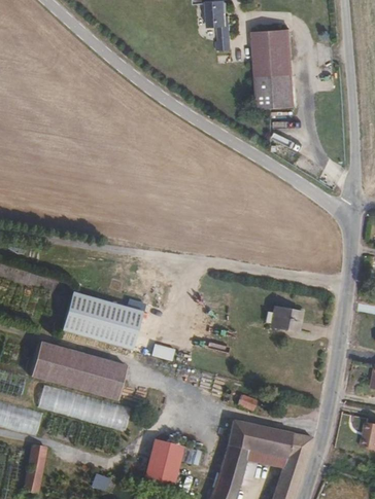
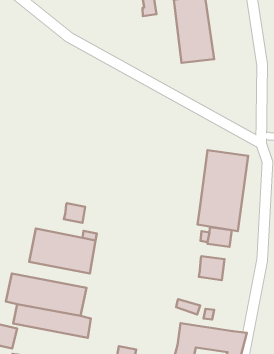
building: none -> [197,150,248,231]
building: none -> [64,203,85,223]
building: none -> [199,256,225,280]

